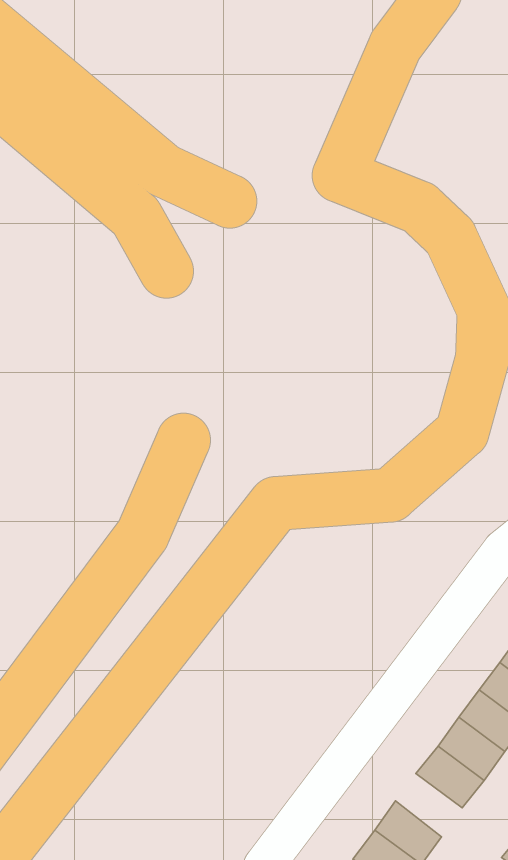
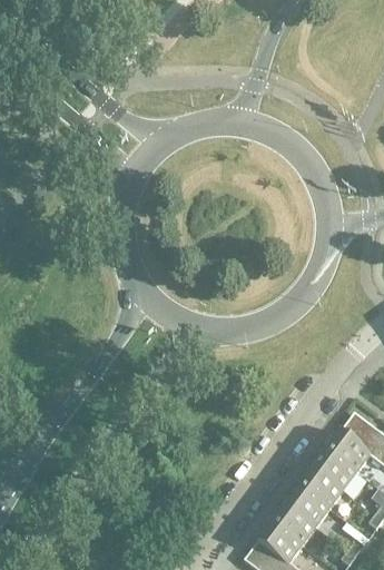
building: none -> [272,504,315,546]

